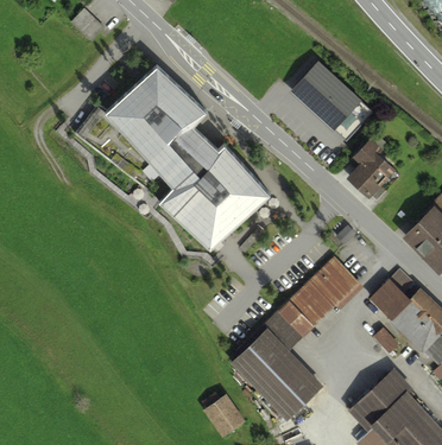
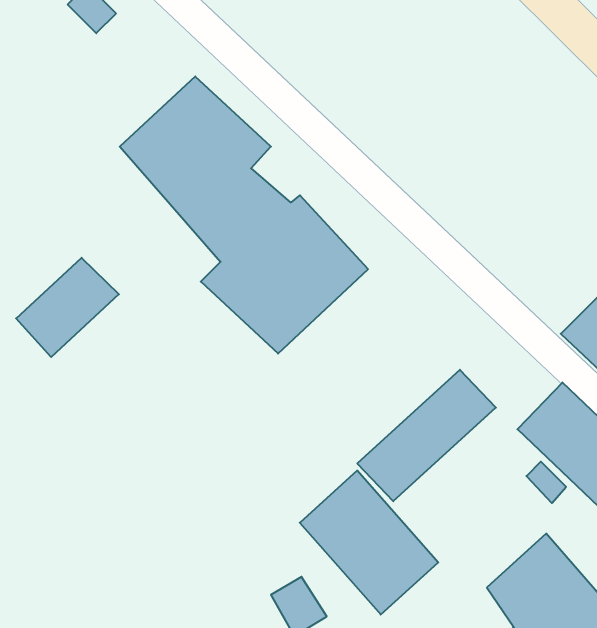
building: [292,61,364,131] -> none
building: [345,150,389,195] -> none
building: none -> [16,258,119,357]

